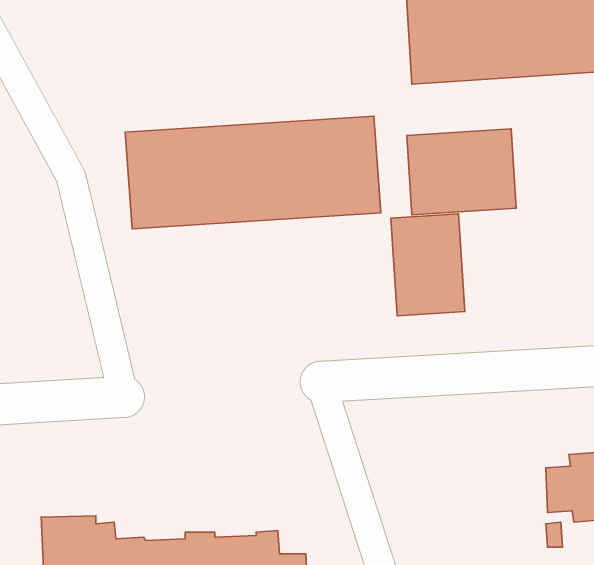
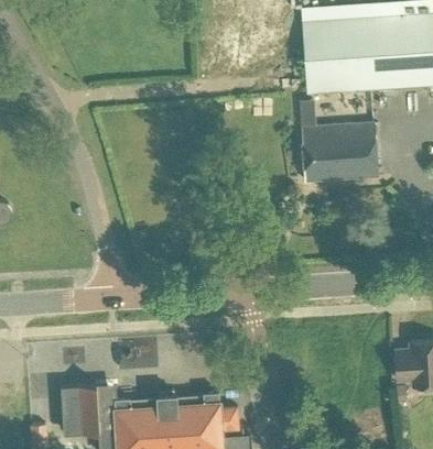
building: [125,116,381,229] -> none
building: [391,214,465,316] -> none

